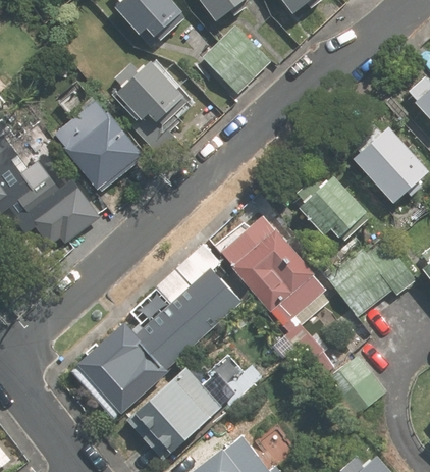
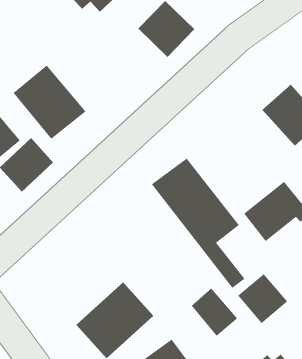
building: [114,59,187,125] -> none
building: [297,175,370,242] -> none
building: [72,241,241,418] -> none
building: none -> [191,288,238,337]

